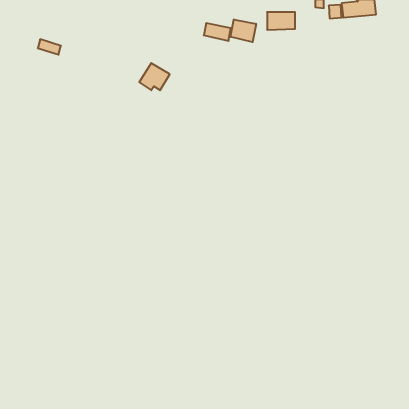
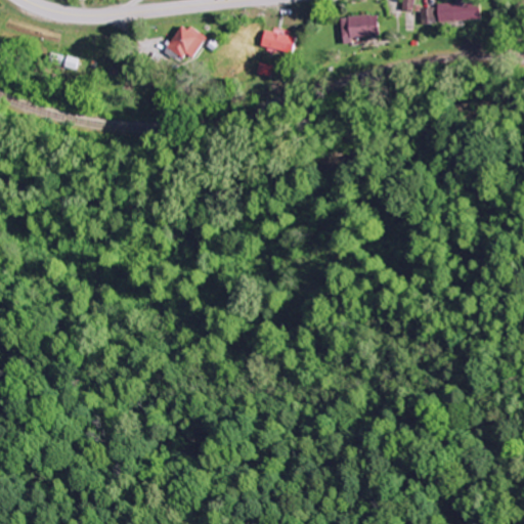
building: [230,19,256,42] -> none
building: [139,63,170,90] -> [166,23,205,57]

